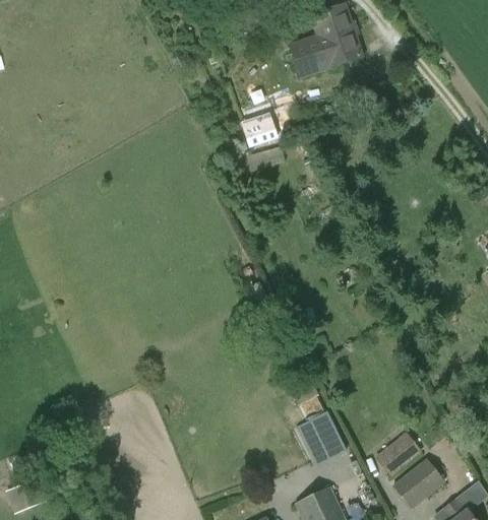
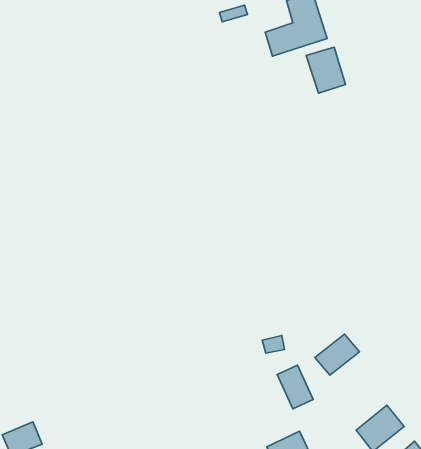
building: none -> [306,47,345,93]
building: [374,432,423,476] -> [315,334,359,375]

